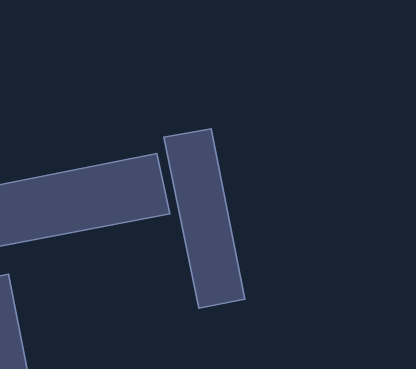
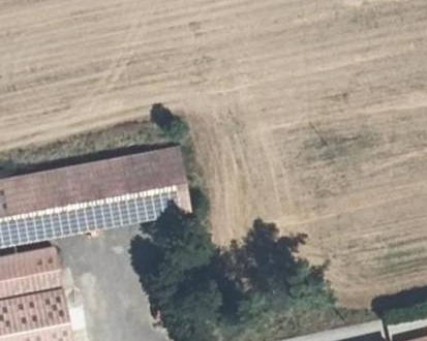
building: [164,129,245,308] -> none

